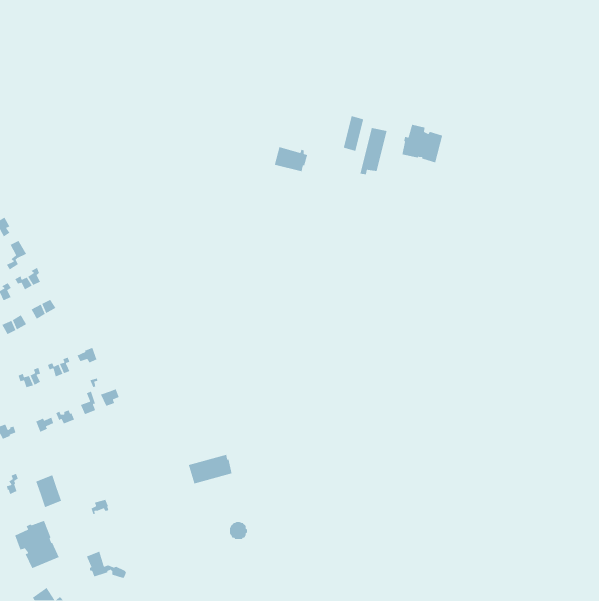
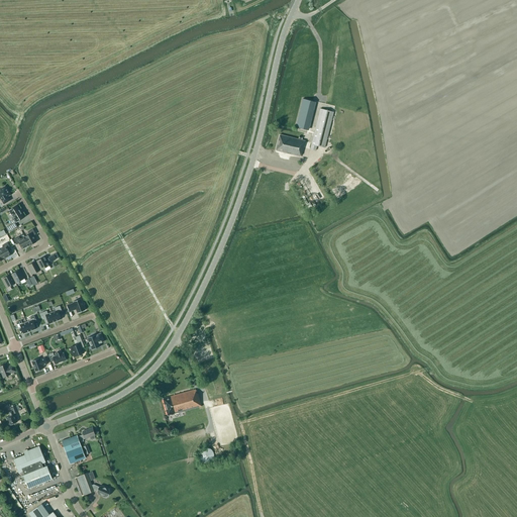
building: [401,124,443,163] -> none
building: [274,146,308,172] -> [275,134,304,157]
building: [35,474,62,508] -> [61,435,84,464]

